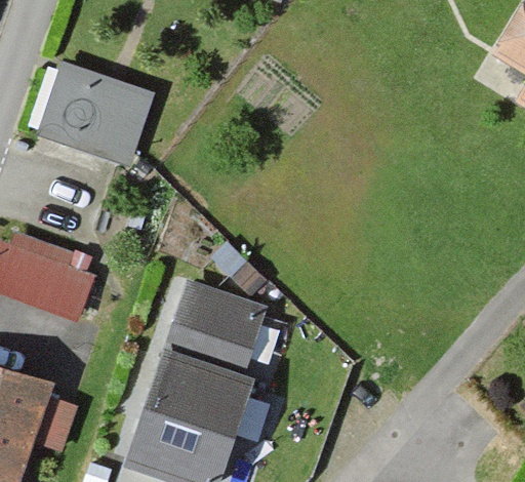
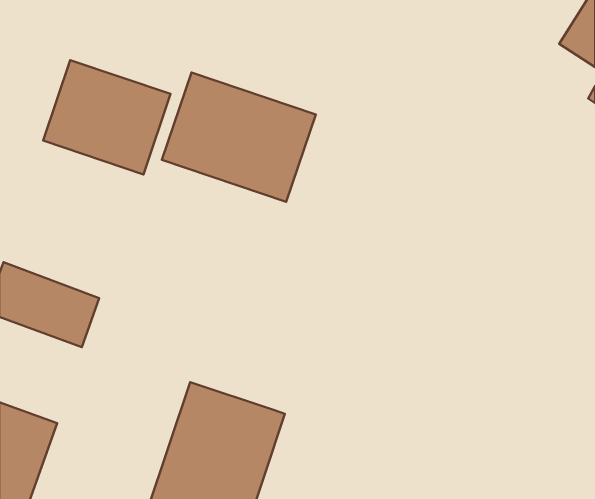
building: none -> [162,73,316,202]
building: [168,281,265,372] -> none

